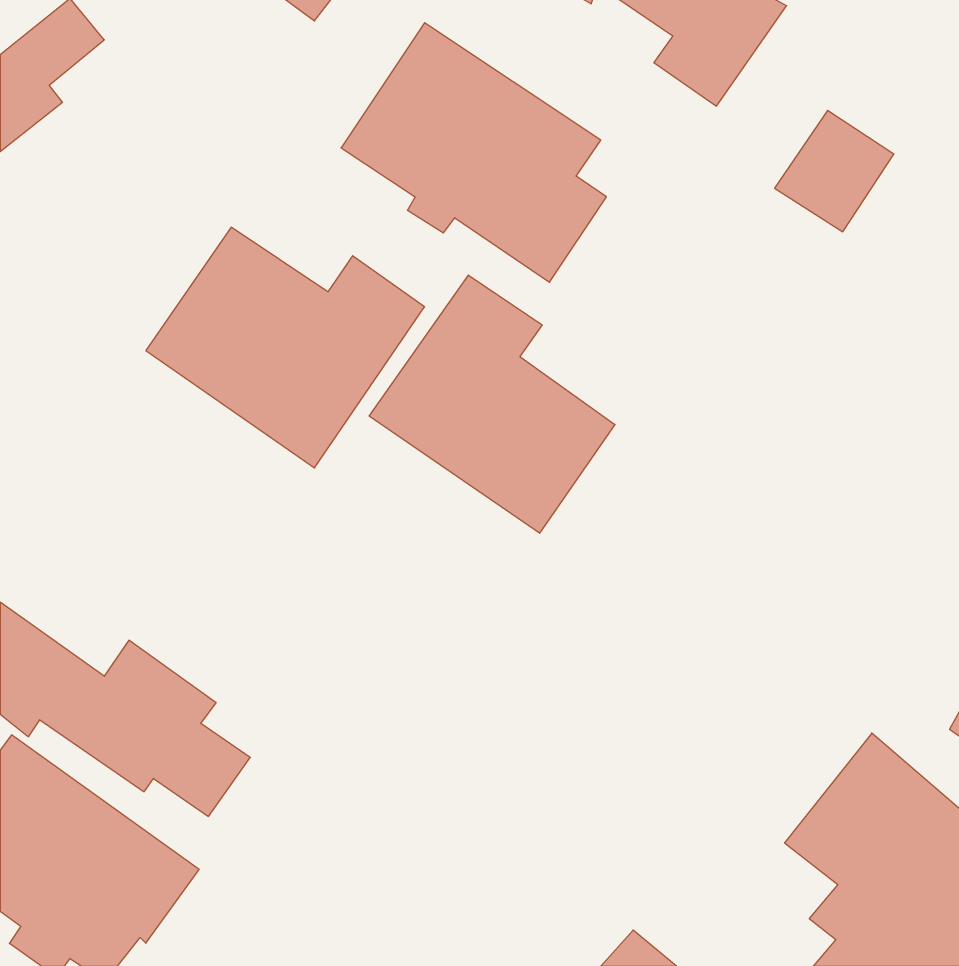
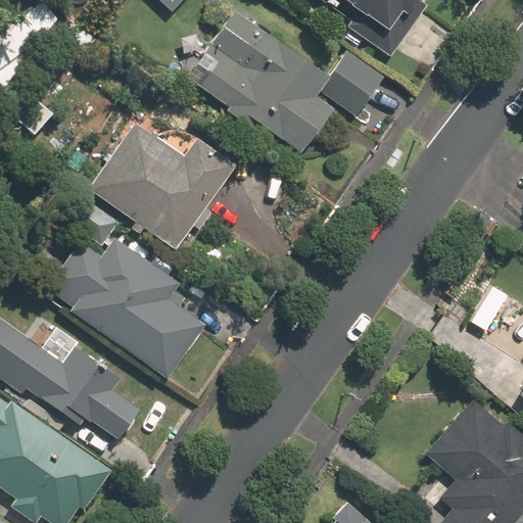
building: [775,110,894,232] -> [322,50,386,115]
building: [369,275,615,533] -> none
building: none -> [47,235,205,379]

